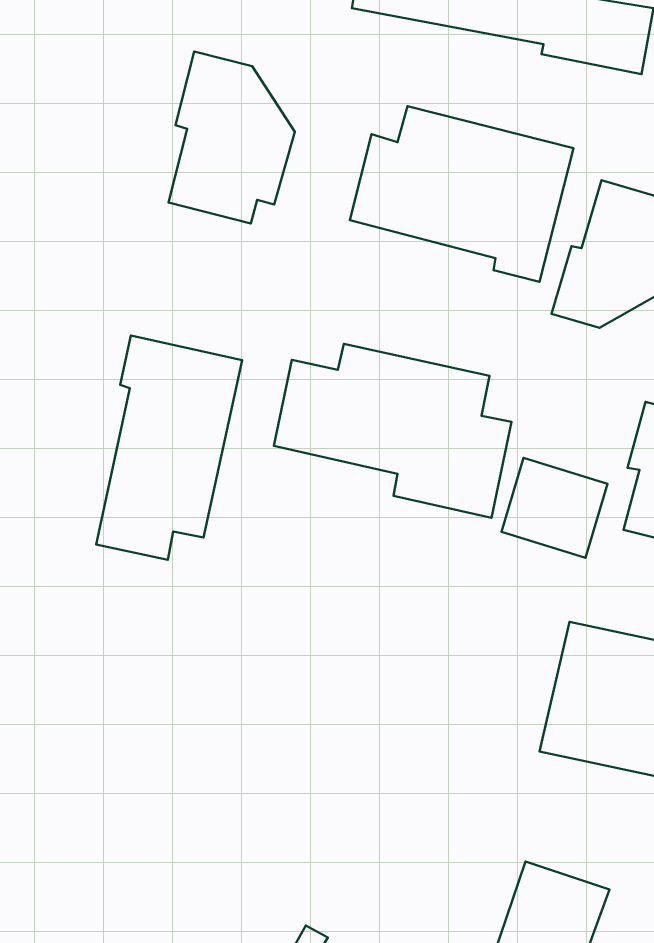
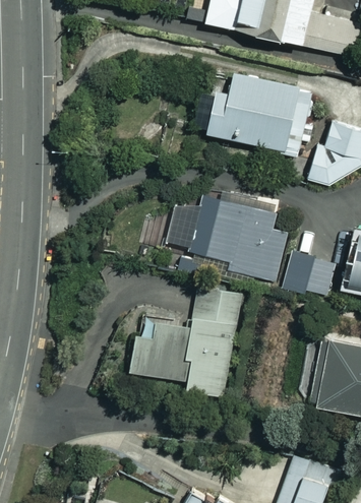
building: [168,51,295,223] -> none
building: [96,336,242,560] -> none
building: none -> [129,287,244,397]

